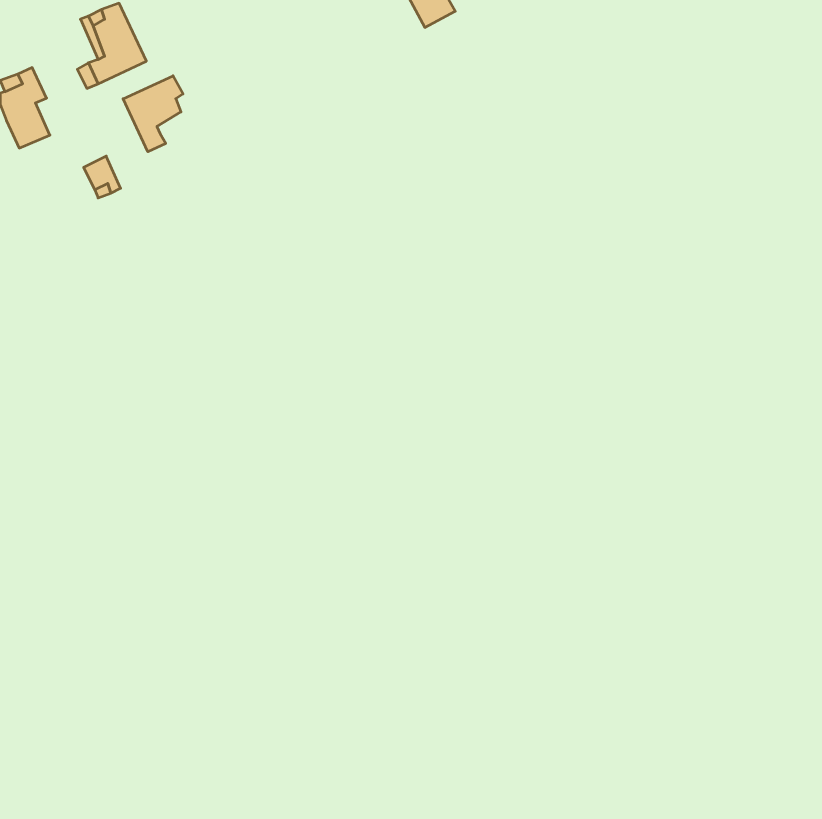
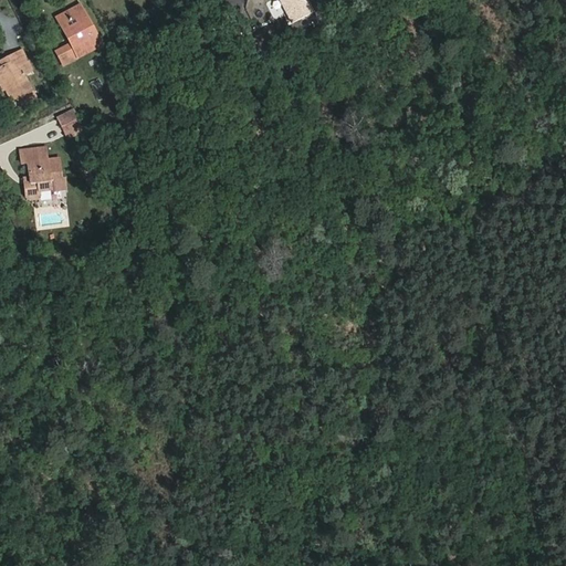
building: [123,76,183,152] -> none
building: none -> [20,150,67,201]

